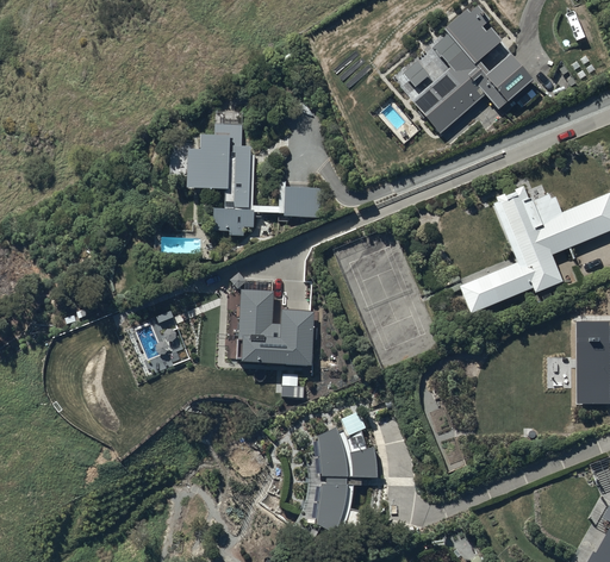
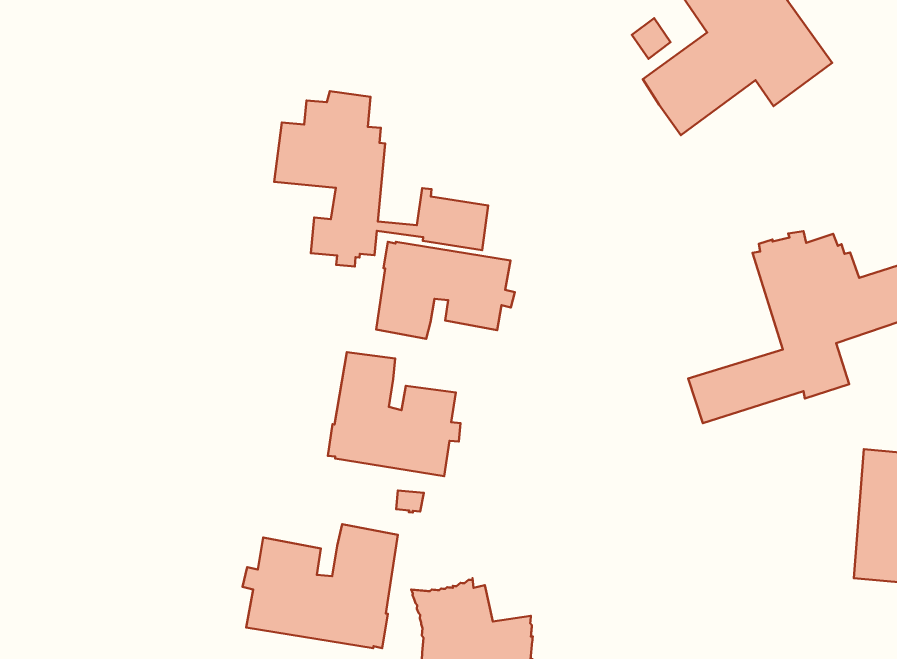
building: none -> [376,242,515,339]
building: none -> [242,524,398,648]

